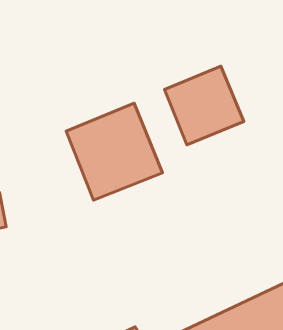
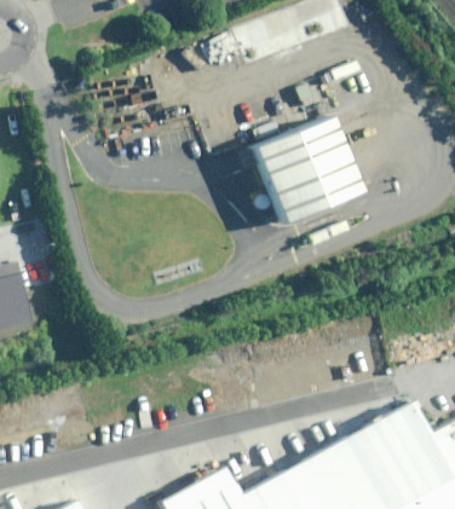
building: [66,103,163,200] -> none

